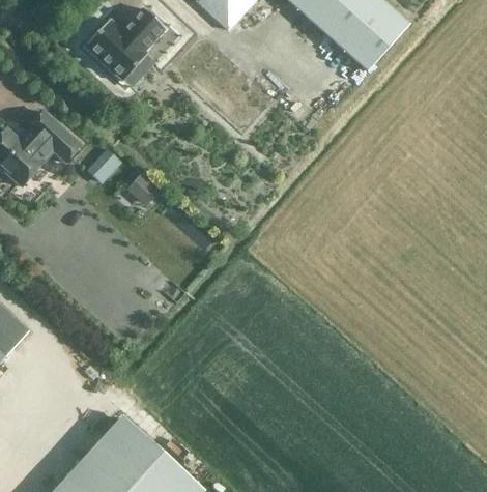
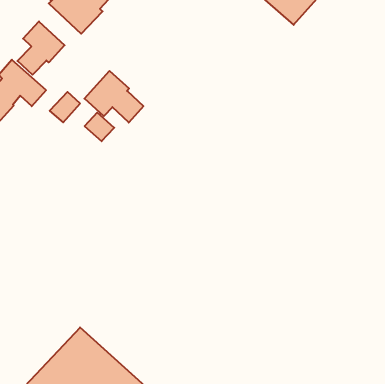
building: none -> [17,21,65,75]
building: none -> [84,71,143,123]

